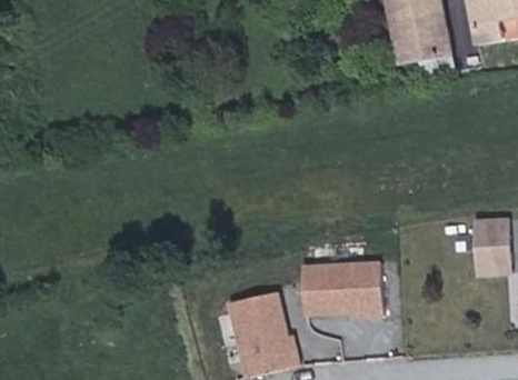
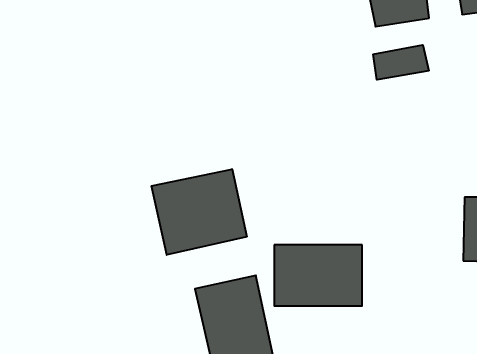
building: none -> [373,45,429,80]
building: none -> [152,169,247,255]

